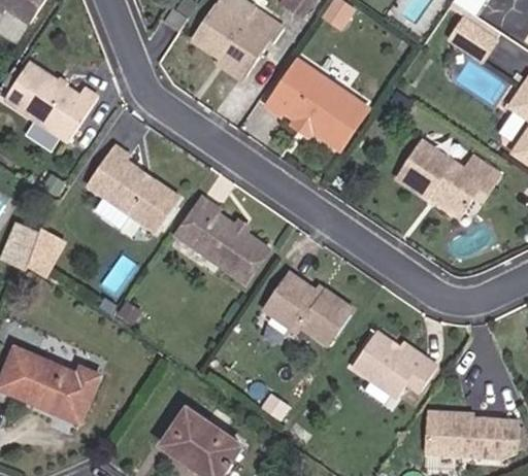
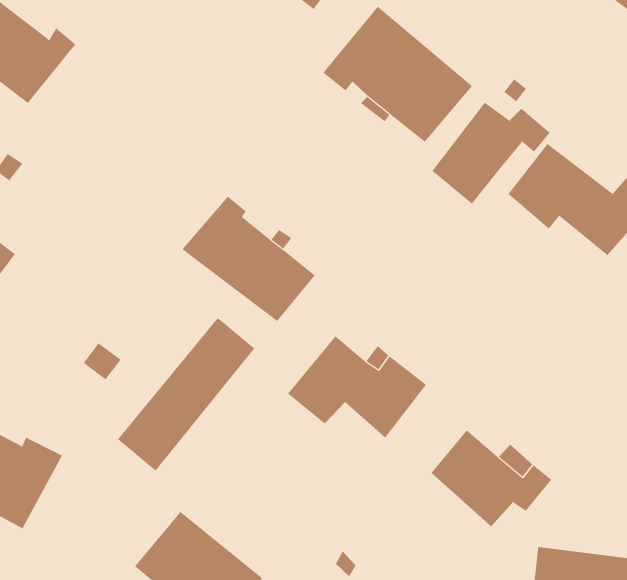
building: none -> [432,102,551,205]
building: [84,143,175,230] -> none
building: none -> [117,317,255,472]

